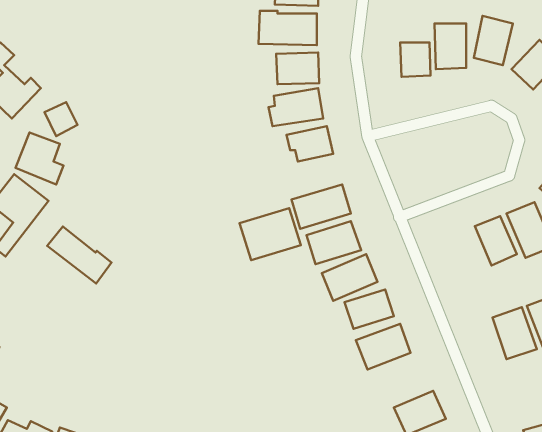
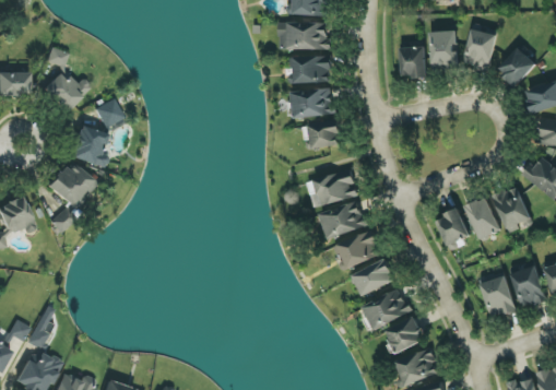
building: [240,208,301,260] -> none
building: [47,226,111,284] -> none
building: none -> [435,209,471,248]
building: none -> [383,317,419,354]

